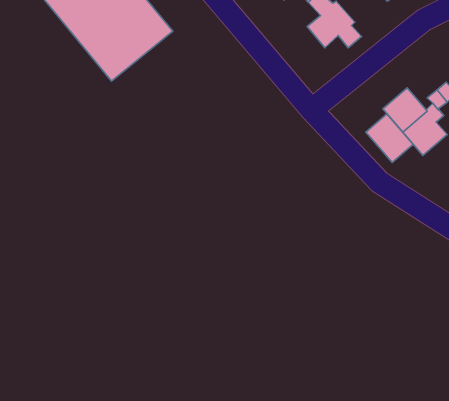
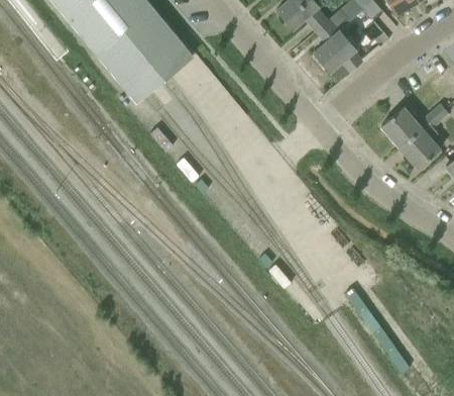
building: [366,114,413,163] -> none

